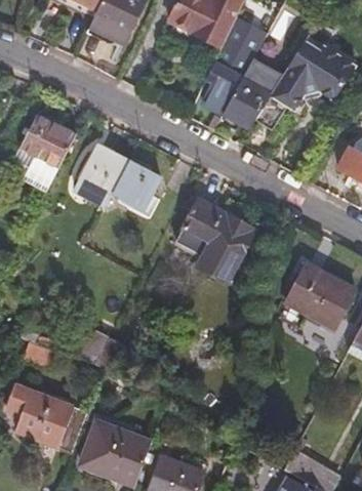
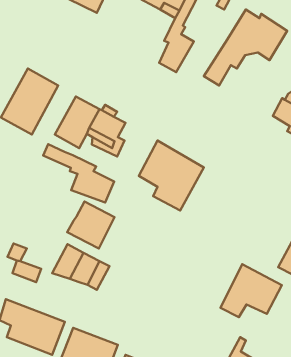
building: [220,57,283,129] -> none
building: none -> [43,144,114,203]
building: [277,262,352,327] -> [220,264,282,317]
building: none -> [67,201,115,248]

